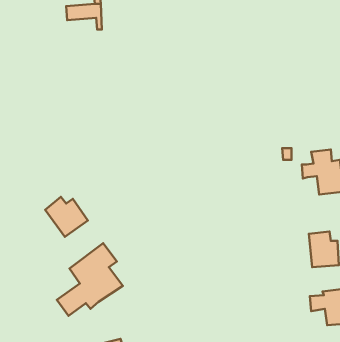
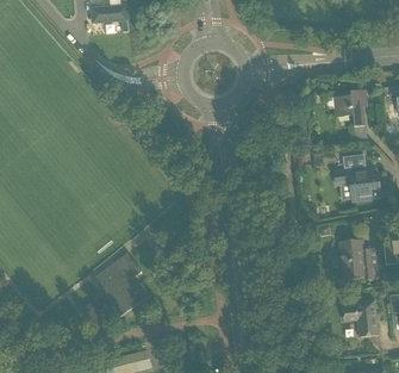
building: none -> [333,91,367,128]
building: [45,197,88,237] -> none

